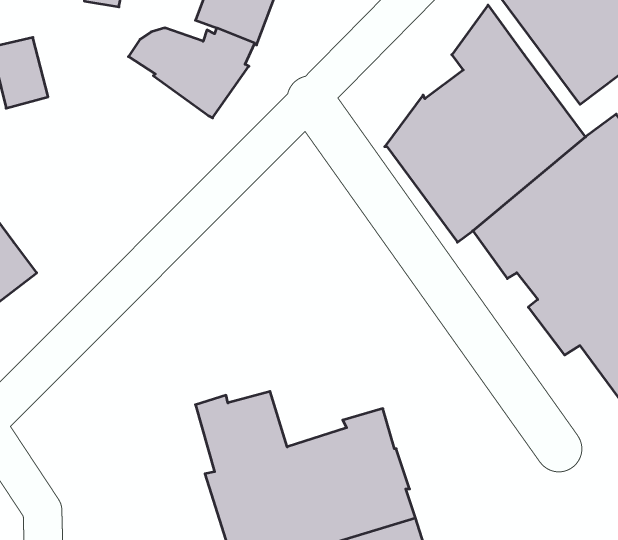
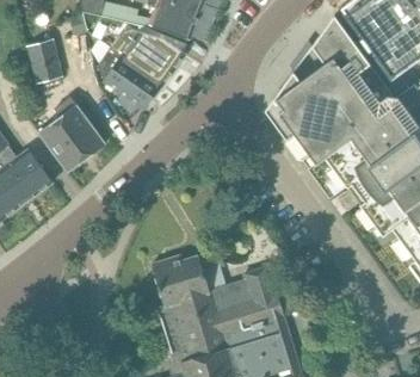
building: none -> [98,48,160,109]
building: none -> [38,89,105,172]

